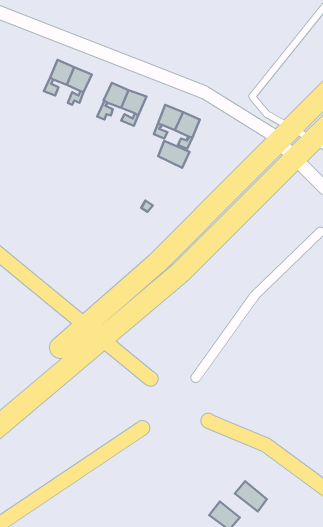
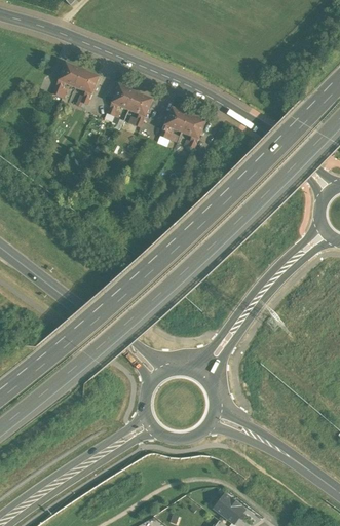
building: [158,141,190,168] -> none
building: [235,481,267,512] -> none

